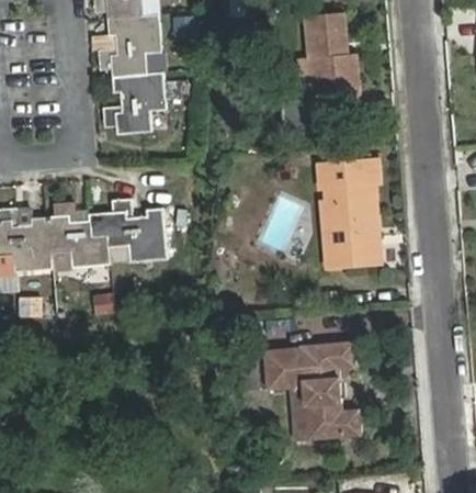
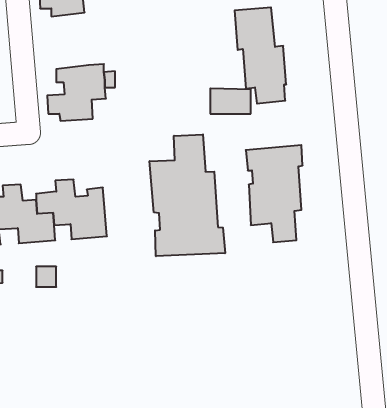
building: [98,15,161,78] -> none
building: none -> [150,134,225,256]
building: [263,341,360,439] -> none

